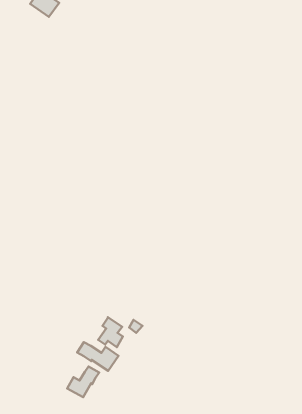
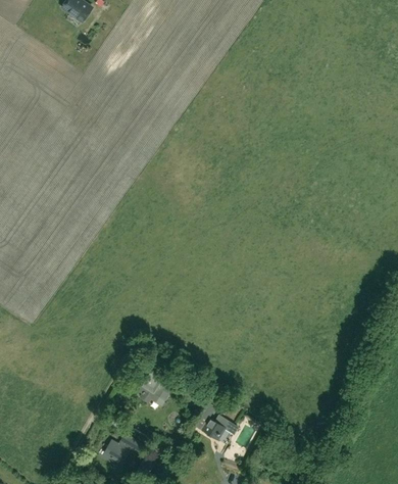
building: [77,342,119,371] -> none
building: none -> [200,418,237,440]

